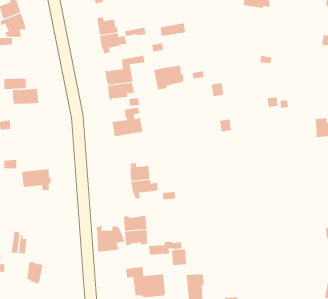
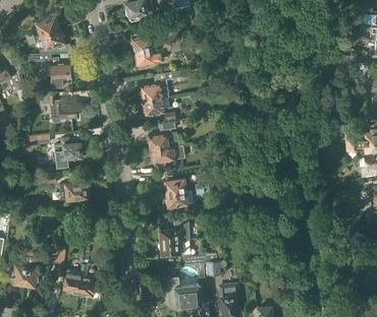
building: none -> [46,63,70,88]
building: [153,65,184,90] -> none
building: none -> [54,138,84,168]
building: none -> [152,145,183,168]
building: [96,225,125,253] -> none
building: none -> [77,264,96,297]

